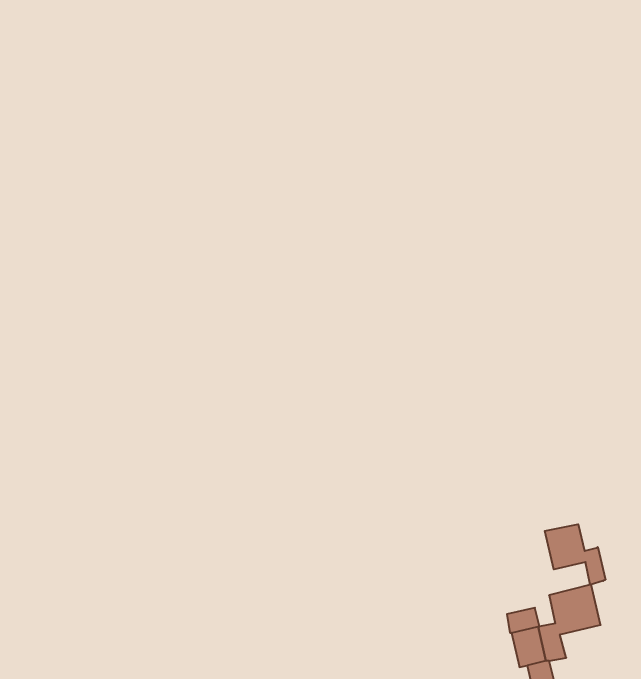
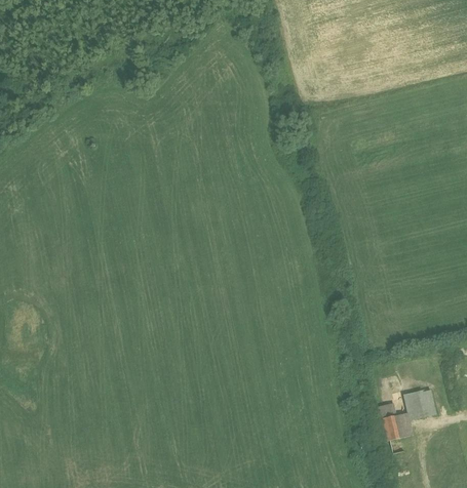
building: [545,524,605,585] -> none

